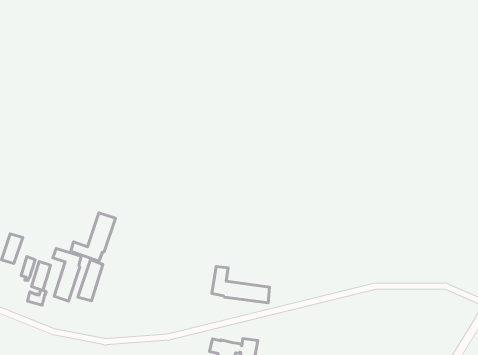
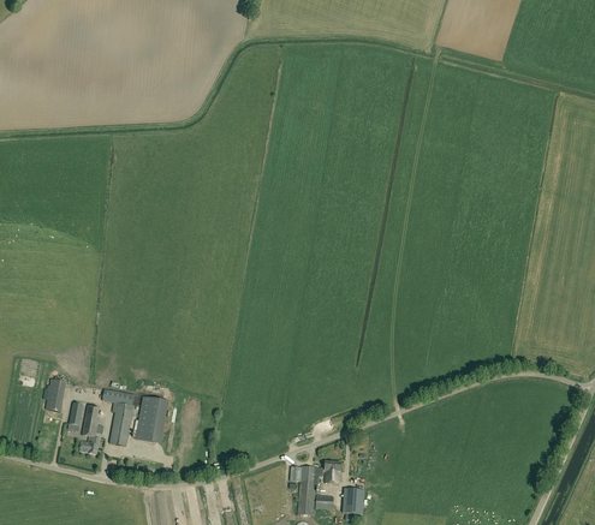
building: [71,213,116,261] -> none
building: [212,267,270,303] -> none

